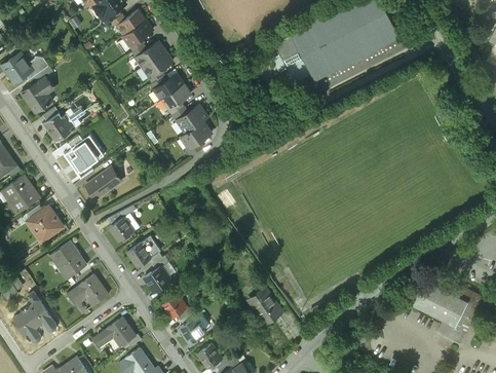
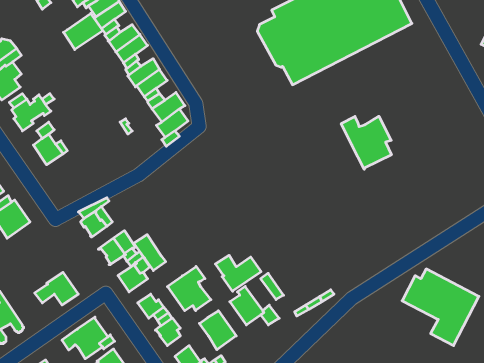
building: none -> [63,13,103,50]
building: none -> [341,116,391,169]
building: [86,167,121,199] -> none
building: none -> [134,235,166,271]
building: [49,240,87,278] -> none
building: none -> [215,255,261,291]
building: none -> [167,266,211,311]
building: none -> [199,311,236,350]

